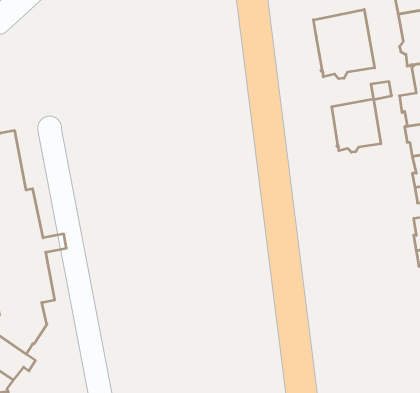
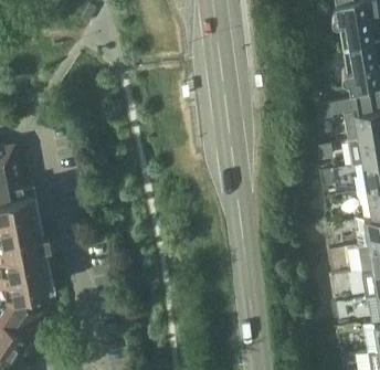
building: [313,9,375,79] -> none
building: [332,99,381,152] -> none

